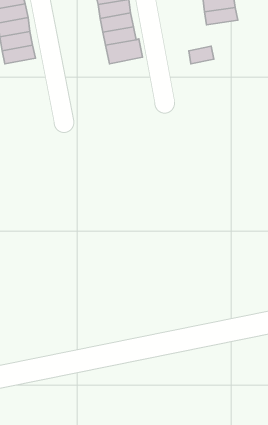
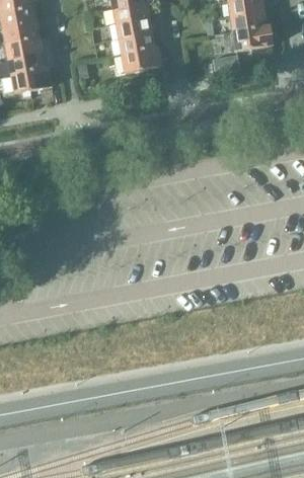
building: none -> [231,23,272,54]
building: none -> [10,65,51,91]

